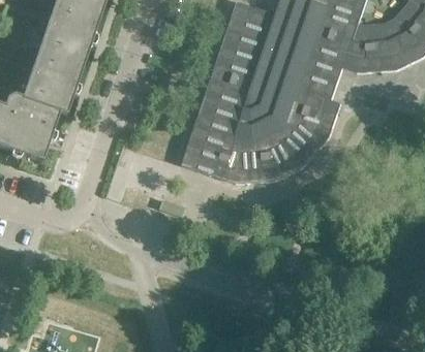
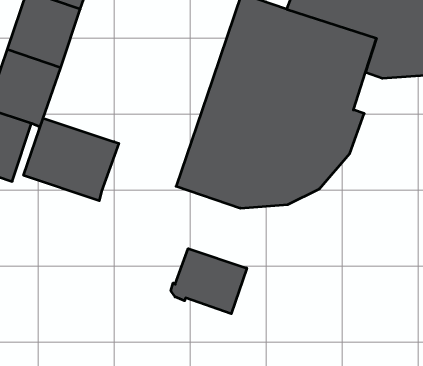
building: none -> [24,118,119,201]
building: none -> [171,249,247,314]

